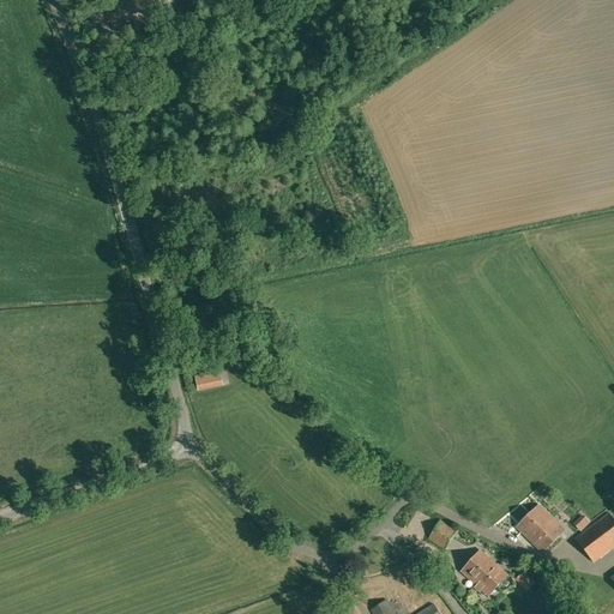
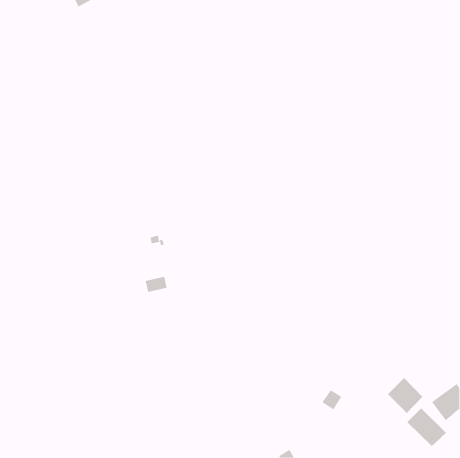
building: none -> [406,407,447,447]
building: [460,549,507,595] -> none

